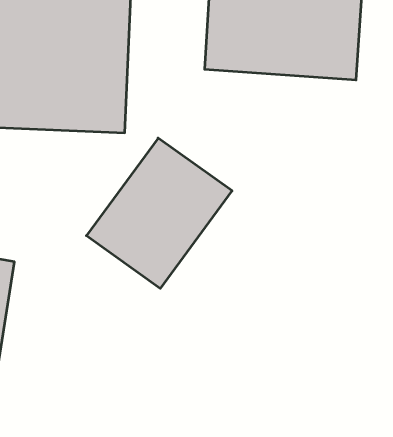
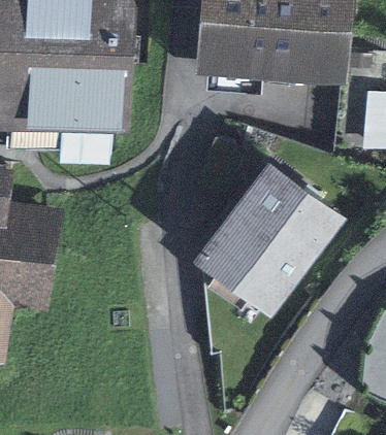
building: [86,138,232,288] -> [199,180,327,312]

